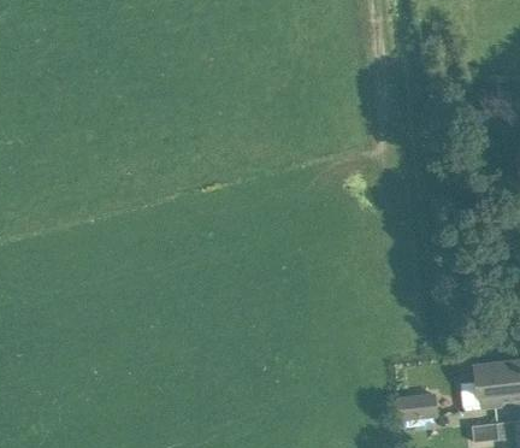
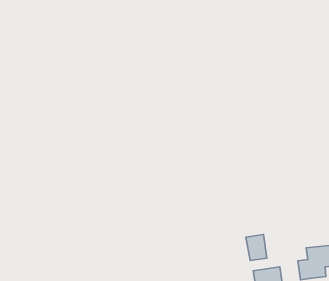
building: none -> [246,235,267,261]

